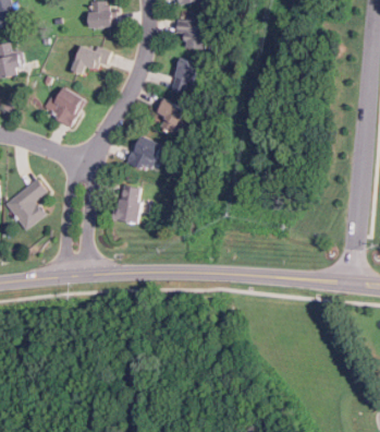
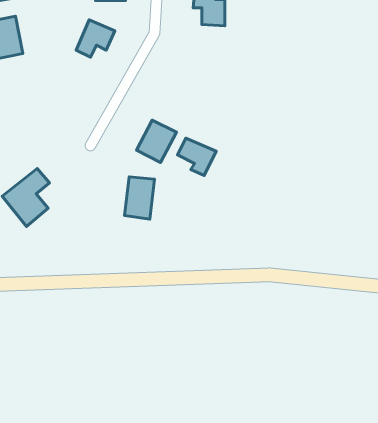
building: [169,57,196,94] -> none
building: [47,87,85,127] -> none
building: [149,97,184,131] -> [177,138,216,175]

